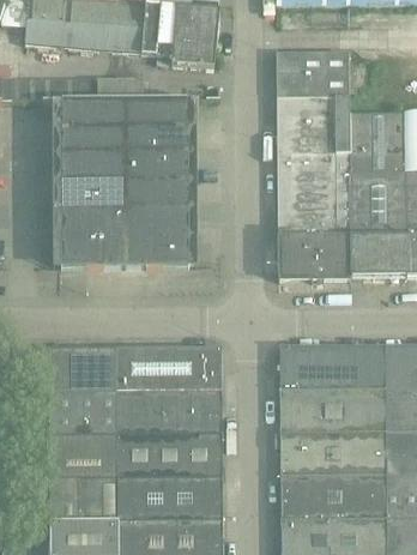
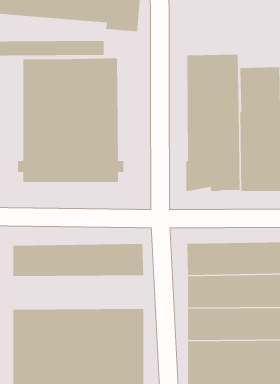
building: [277,49,349,95] -> none
building: [48,388,223,433] -> none

